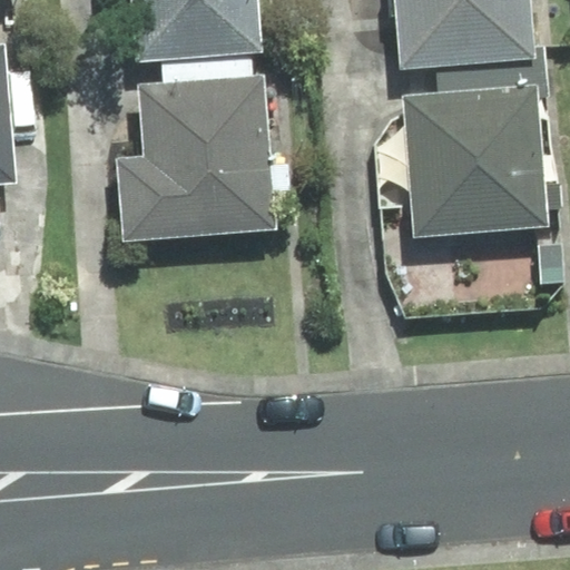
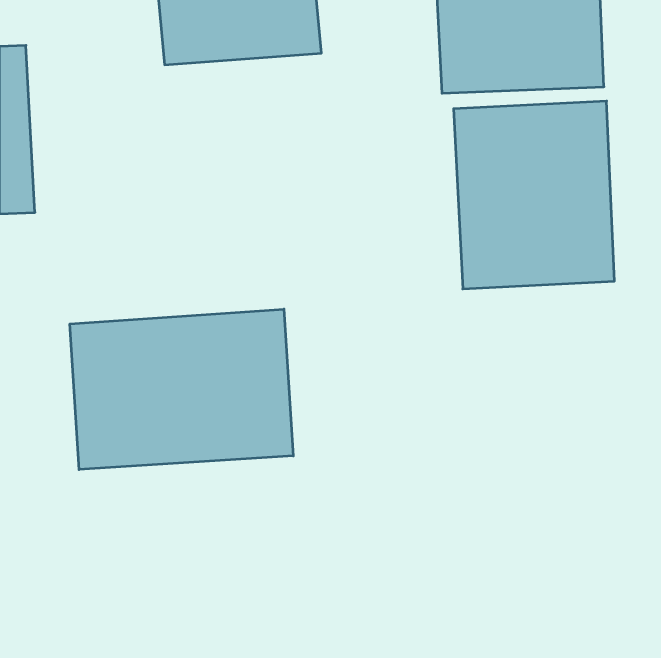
building: [128,62,291,233] -> none
building: none -> [70,309,293,470]

